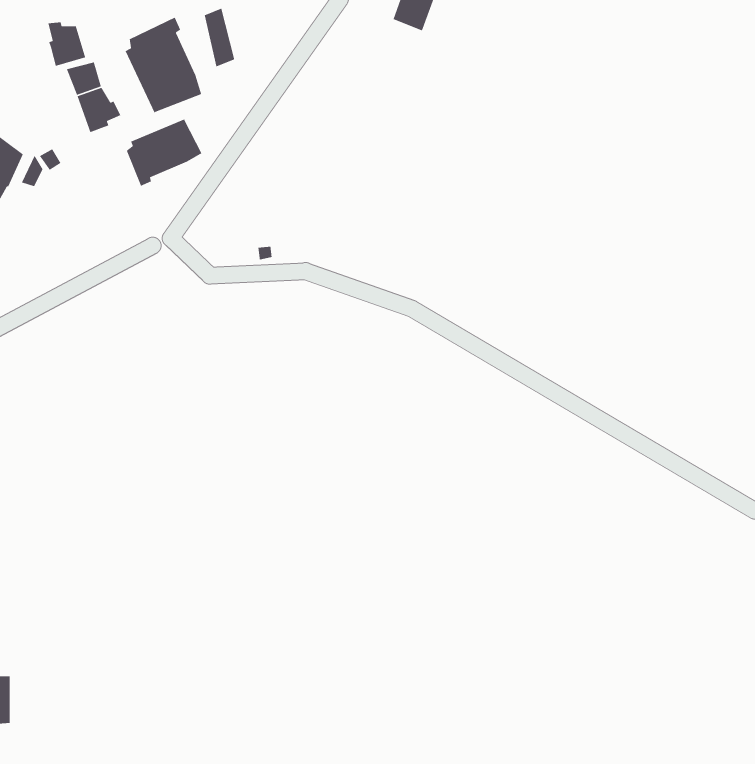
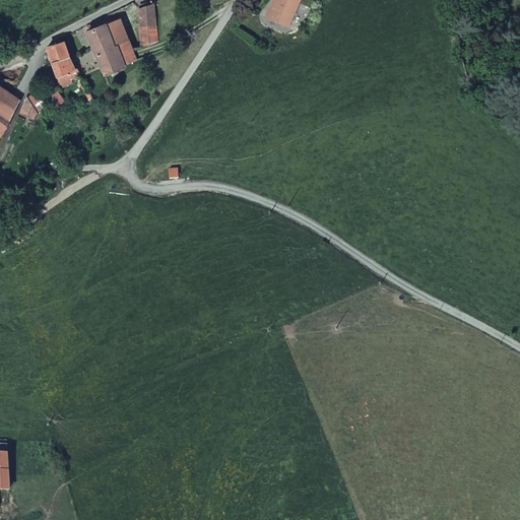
building: [48,21,86,67] -> none
building: [126,118,202,187] -> none

